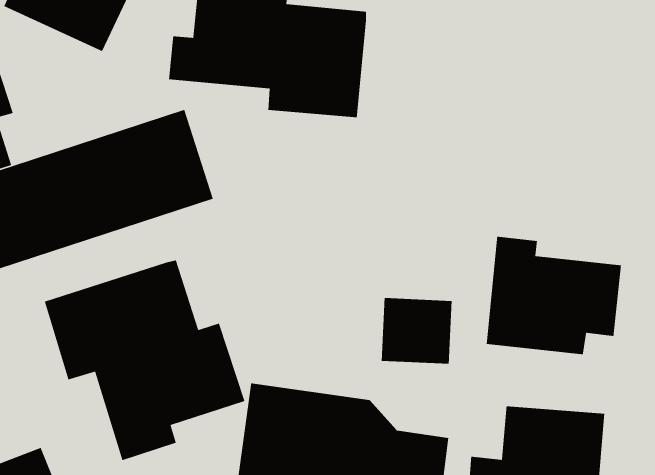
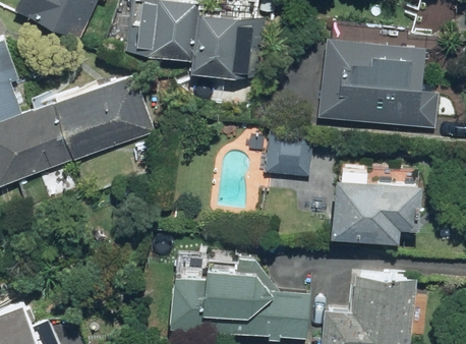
building: none -> [318,33,436,131]
building: [44,259,245,461] -> none
building: [381,297,453,365] -> [264,136,311,181]

